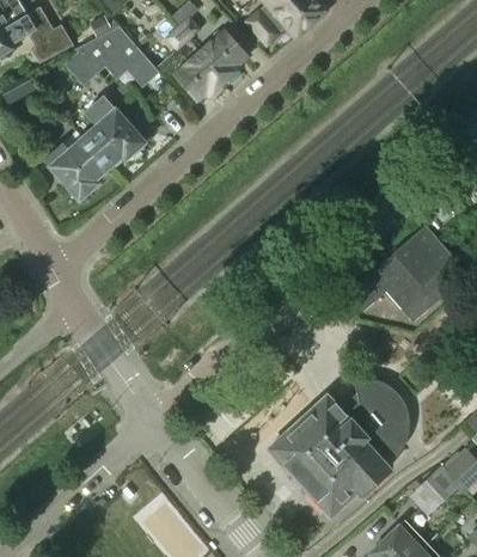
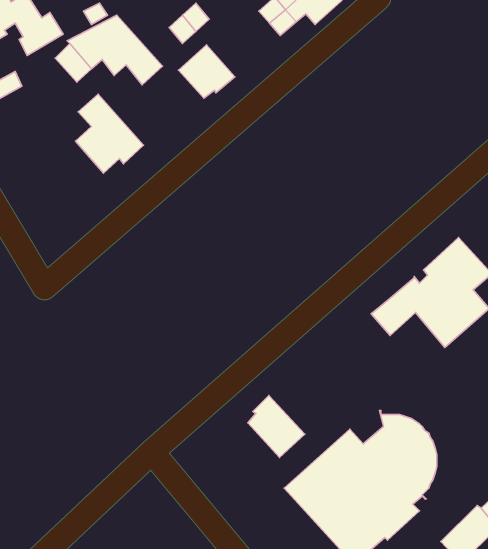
building: [200,31,247,81] -> none
building: [44,139,108,200] -> none
building: none -> [248,396,305,457]

